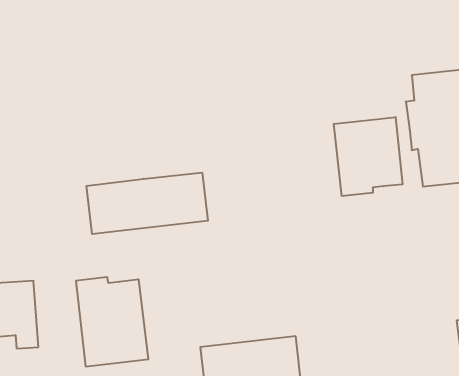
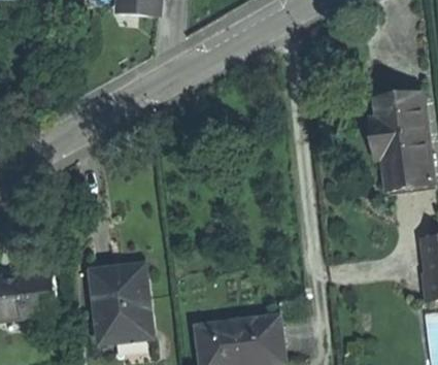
building: [334,117,403,196] -> none
building: [86,173,208,234] -> none

